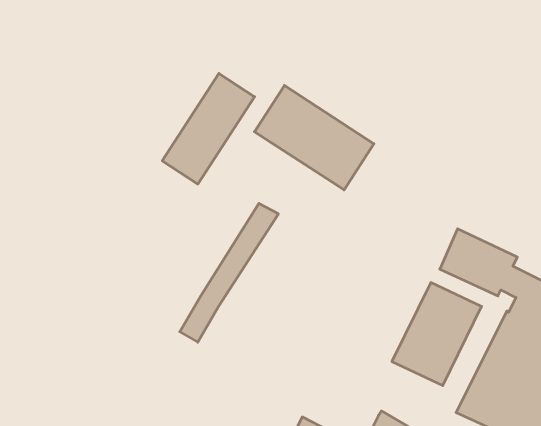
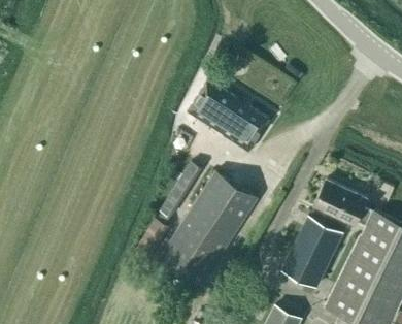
building: [162,73,255,184] -> none
building: none -> [160,172,257,286]

